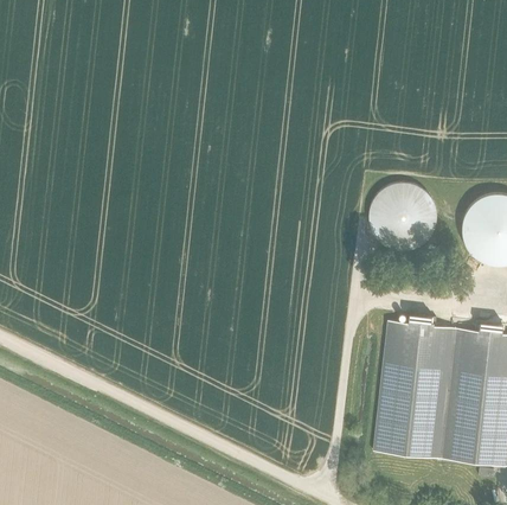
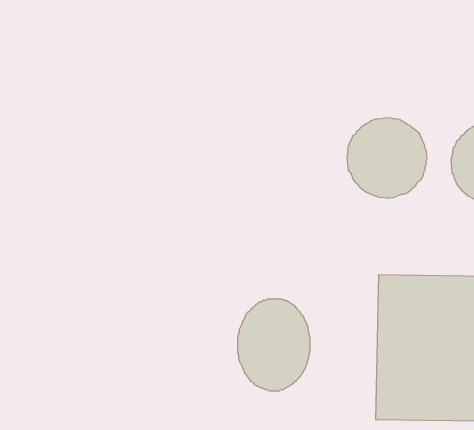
building: none -> [238,299,310,391]

